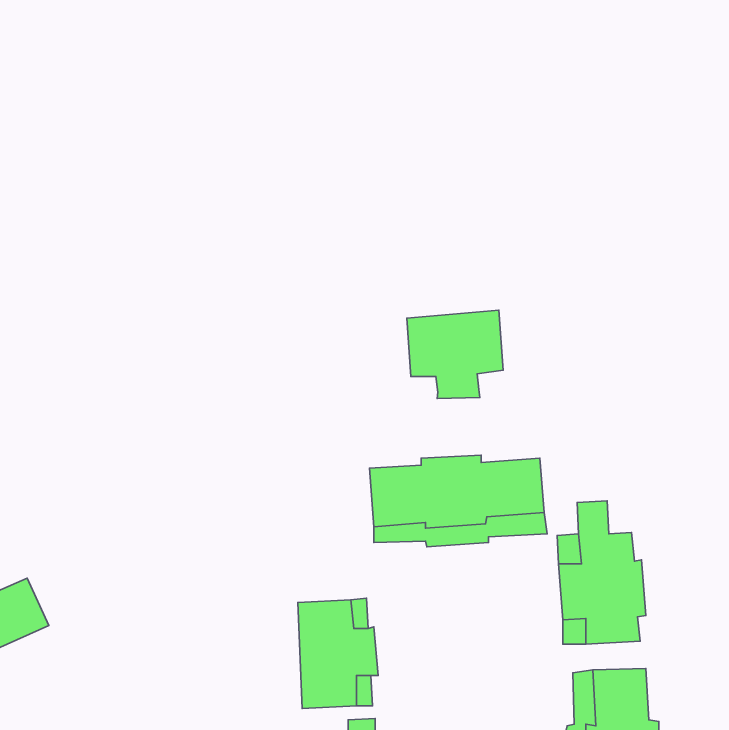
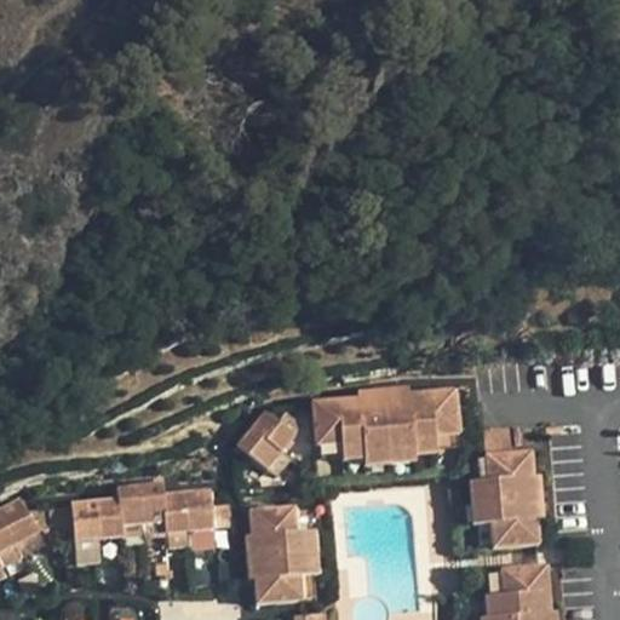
building: [407,310,503,398] -> none
building: none -> [237,409,297,470]
building: none -> [74,484,216,540]

